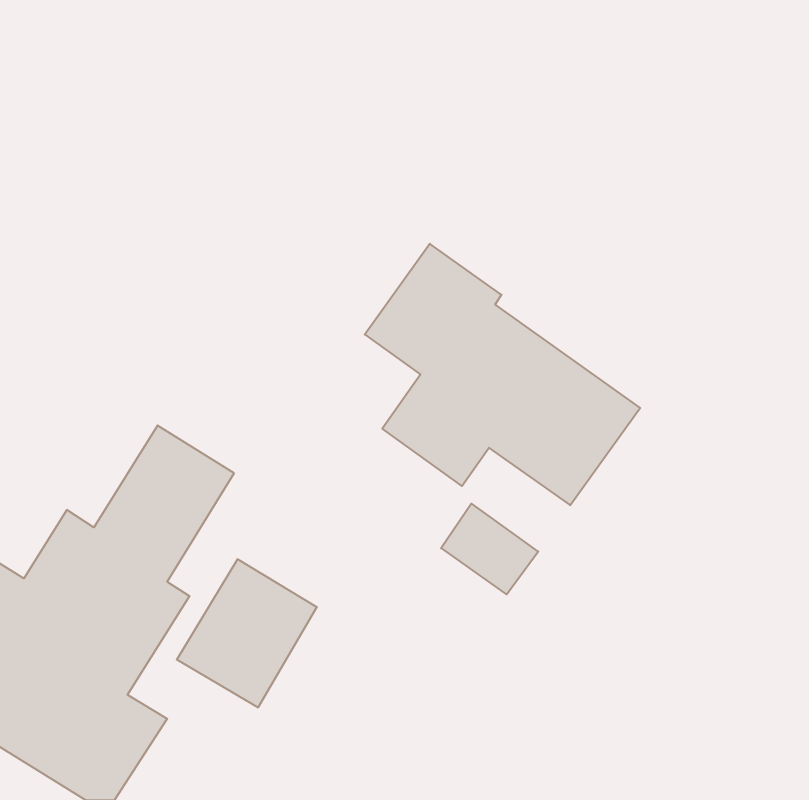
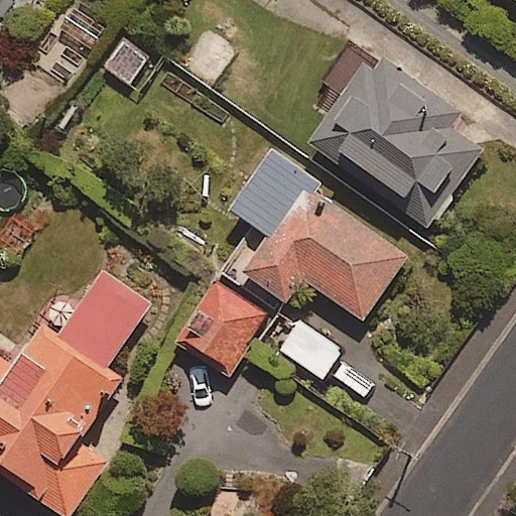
building: none -> [308,53,482,226]
building: [177,559,317,707] -> [178,279,267,373]

